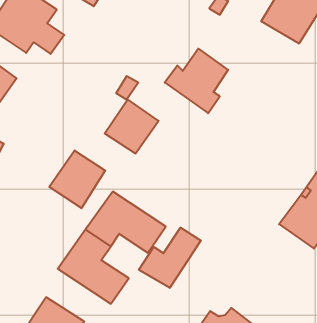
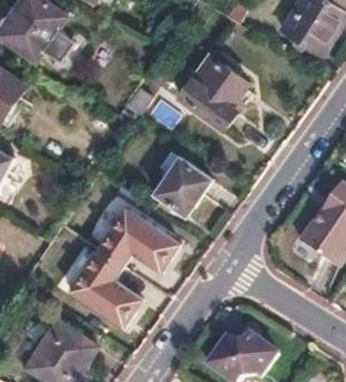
building: [105,100,159,154] -> [153,158,210,214]
building: [49,150,105,208] -> none
building: [139,228,201,288] -> none

